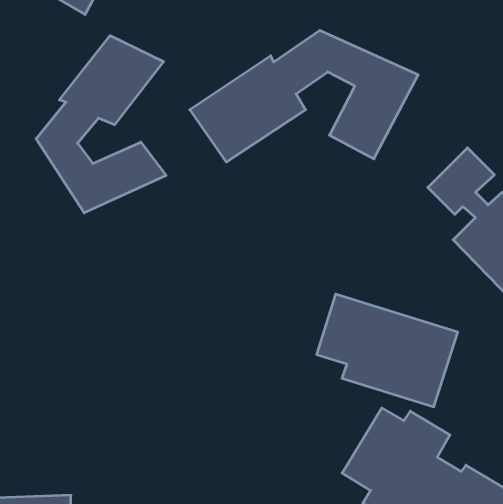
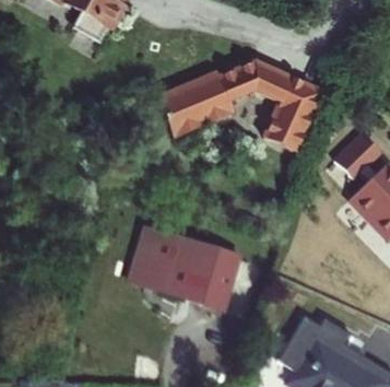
building: [36,36,166,213] -> none
building: [317,294,458,407] -> [140,231,237,308]

